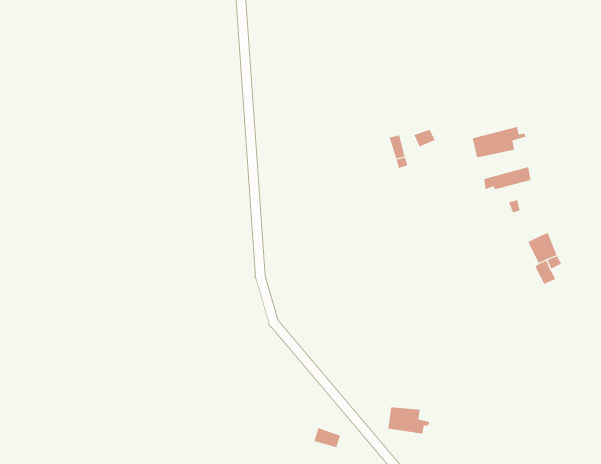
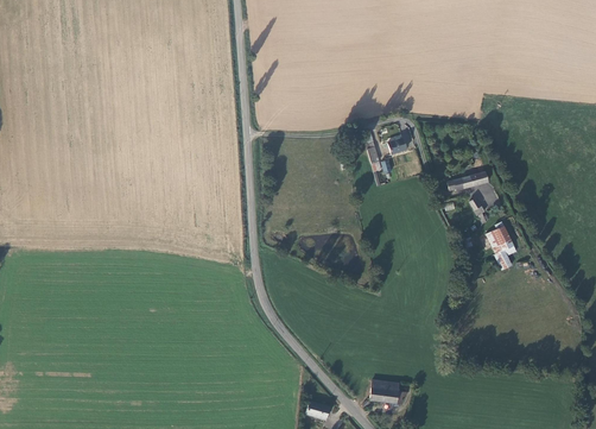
building: [472,126,526,158] -> none

